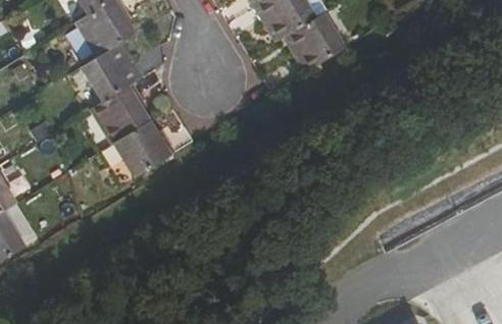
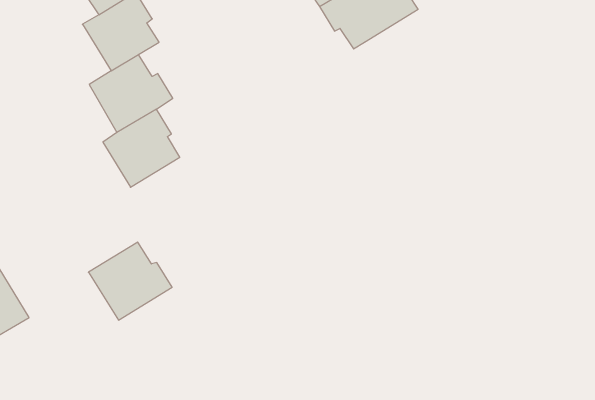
building: [287,11,345,73] -> none
building: [112,119,174,177] -> [88,242,172,320]

